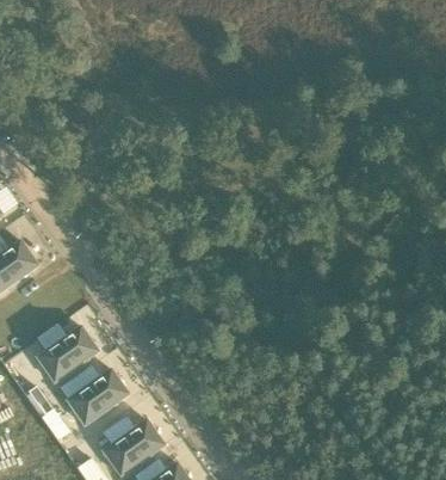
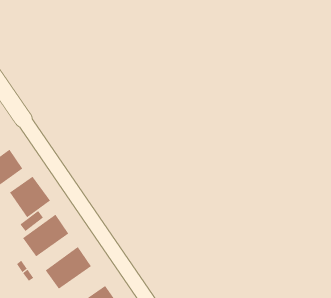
building: none -> [9,176,51,218]

